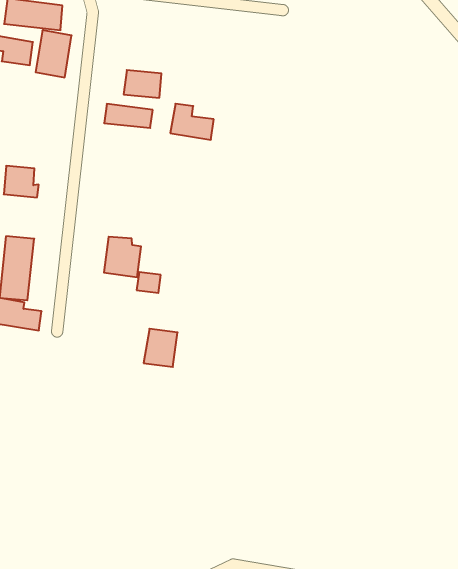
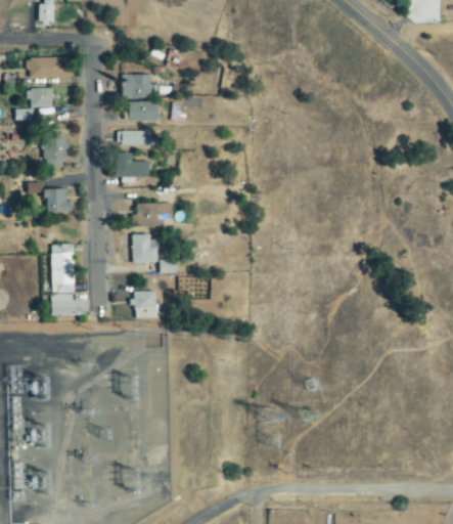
building: [36,30,72,77] -> [42,133,66,168]
building: none -> [121,74,149,97]
building: [170,104,214,140] -> [117,152,149,177]
building: none -> [132,202,172,226]
building: [144,329,178,367] -> [133,291,156,318]

